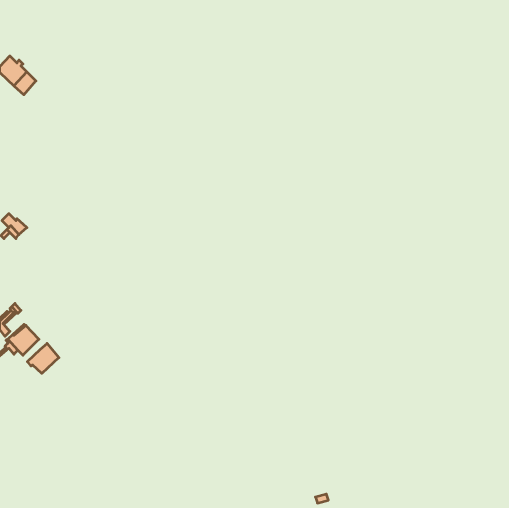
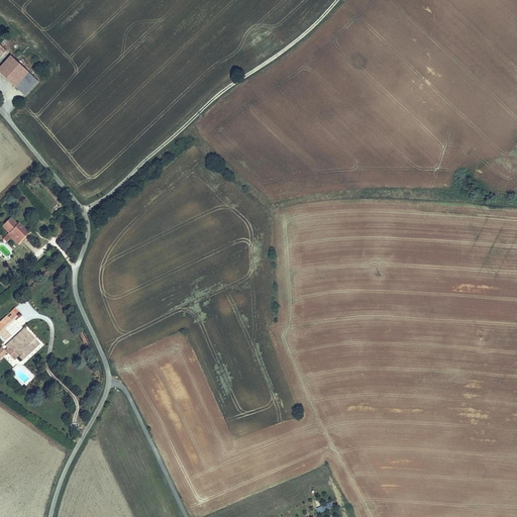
building: [27,343,59,373] -> none

